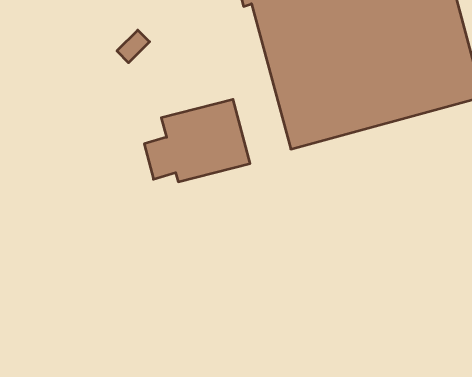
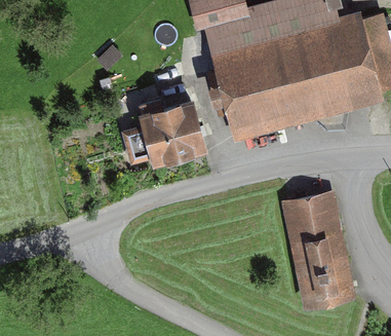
building: none -> [281,192,356,308]

